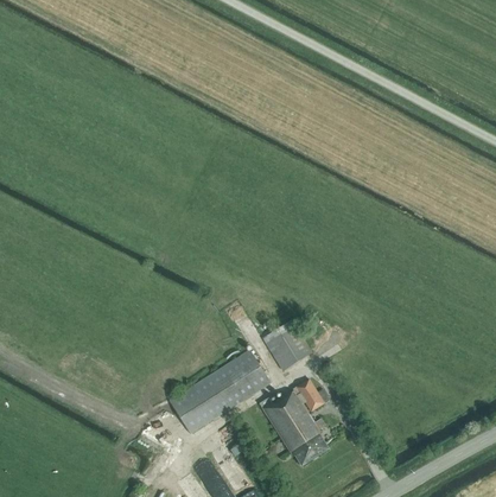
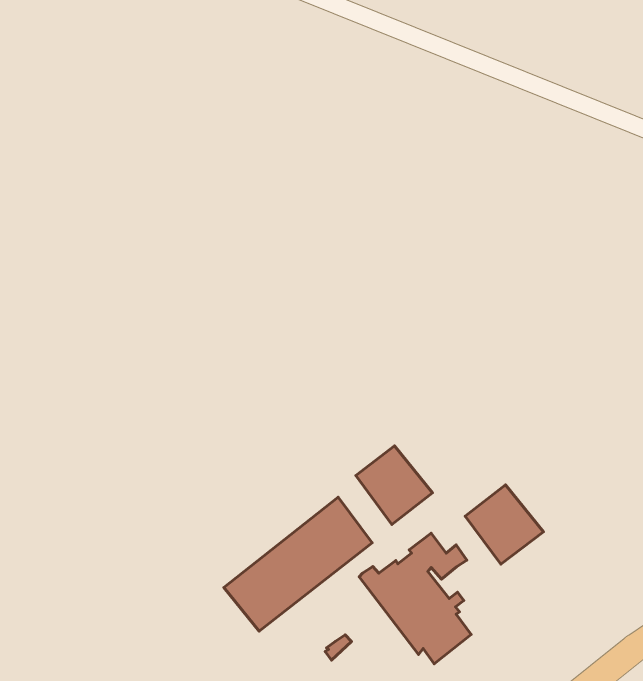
building: none -> [465,485,543,564]

